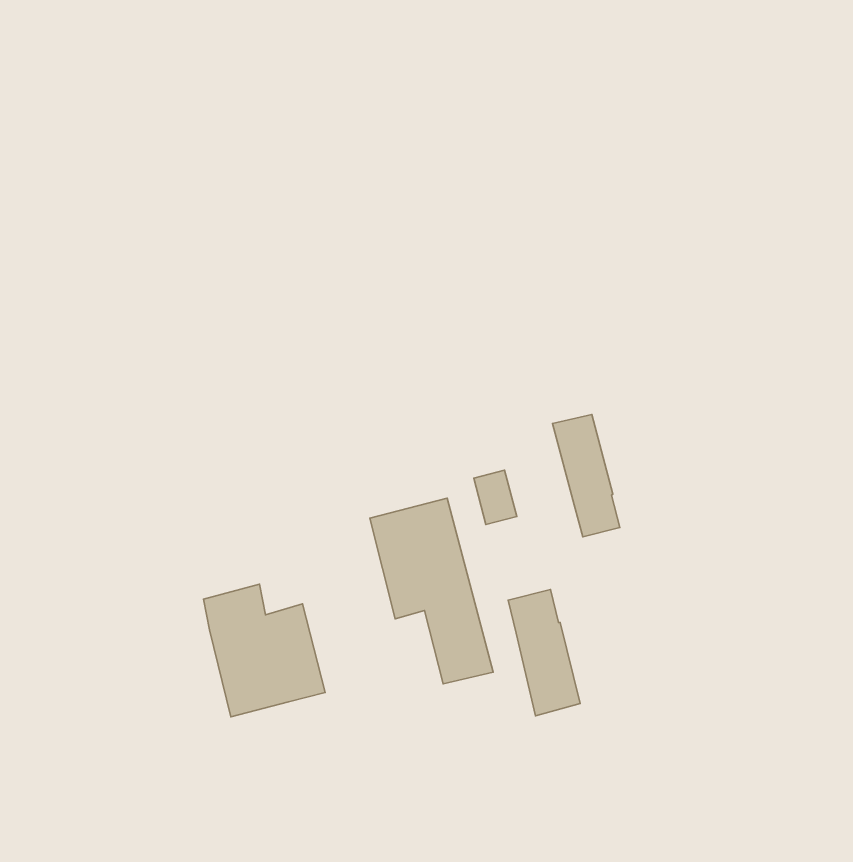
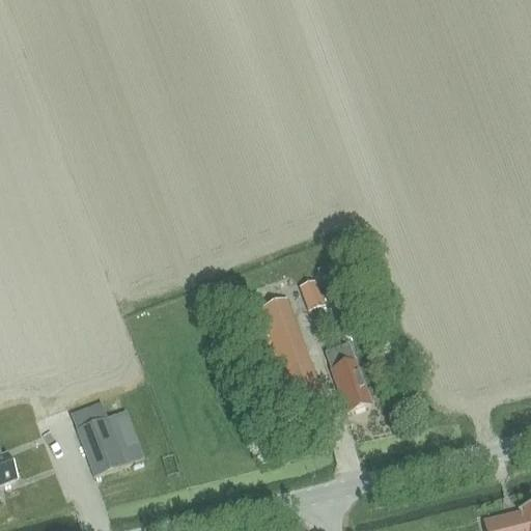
building: [552,415,620,537] -> none
building: [203,584,325,717] -> [72,399,144,474]

